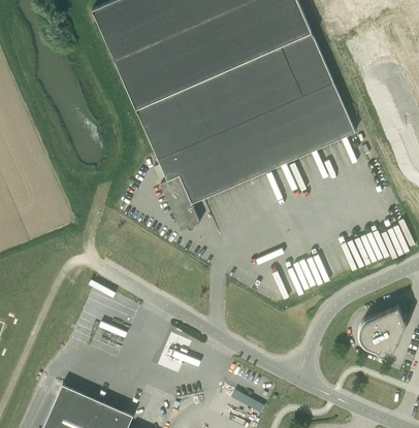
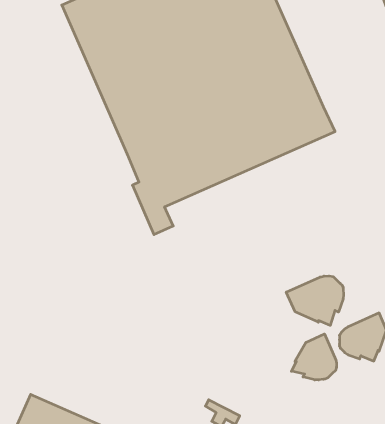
building: none -> [286,276,344,325]
building: none -> [291,334,337,380]

